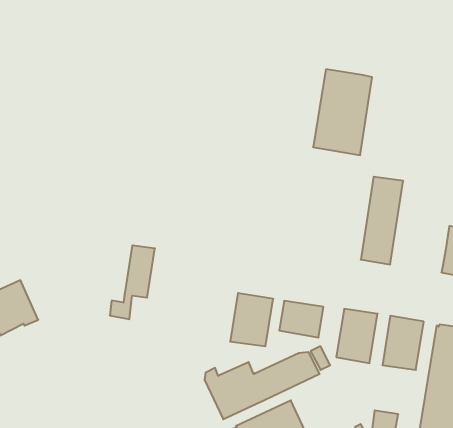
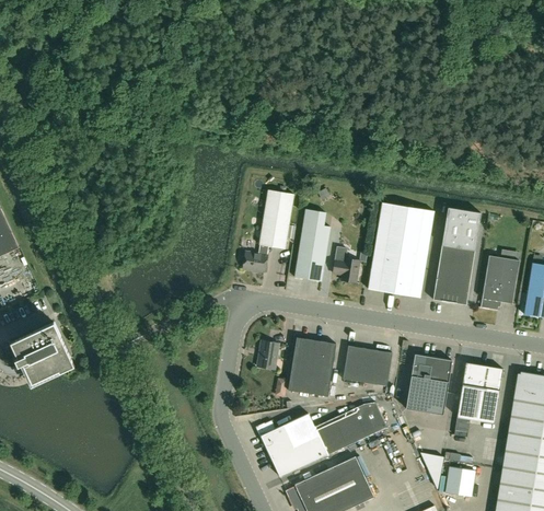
building: [313,69,372,155] -> [368,202,433,298]
building: none -> [294,209,331,281]
building: none -> [481,255,519,310]
building: none -> [333,258,359,282]
building: [110,245,155,319] -> [243,190,293,272]
building: none -> [257,340,279,369]

